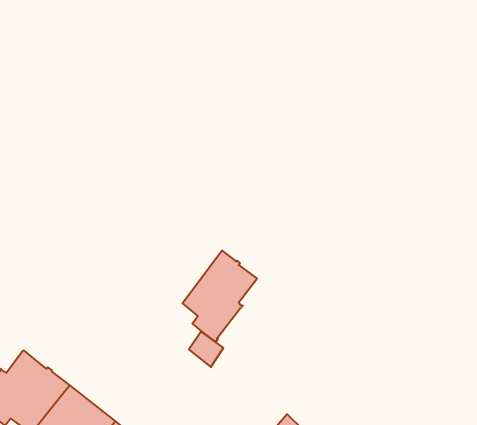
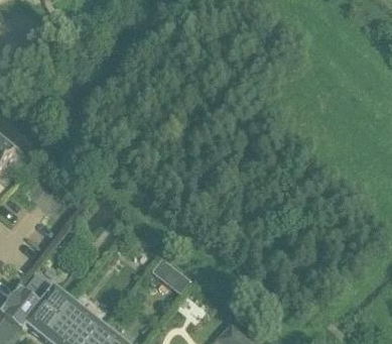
building: [183,250,257,342] -> none

